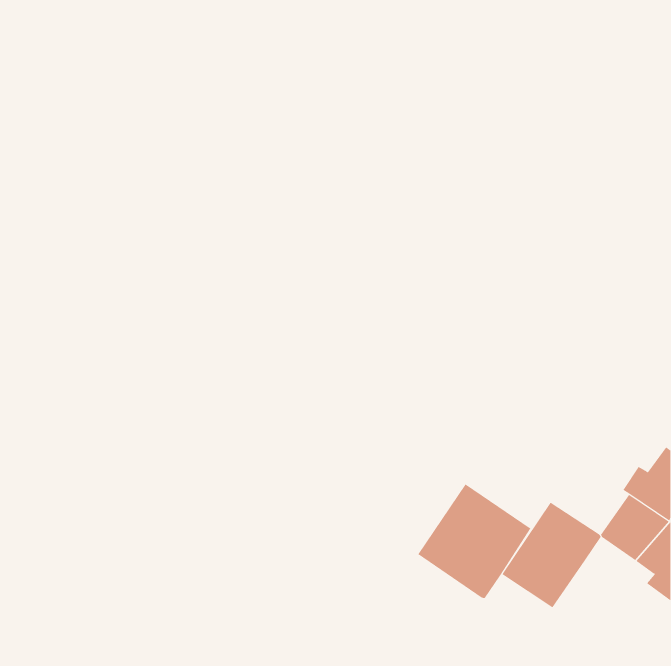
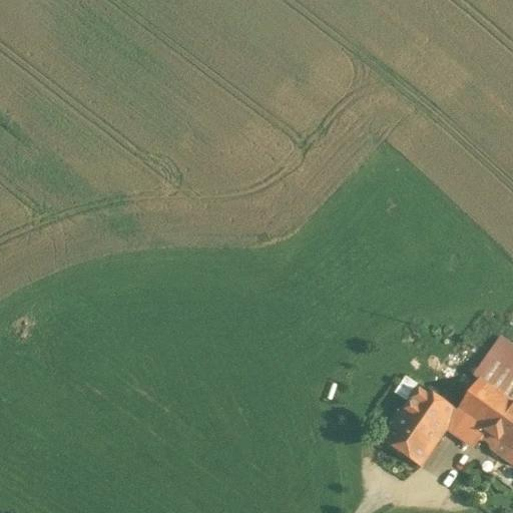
building: [418,484,531,599] -> none
building: none -> [447,410,485,446]

